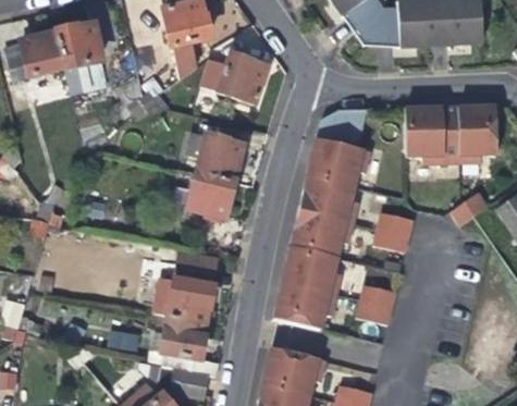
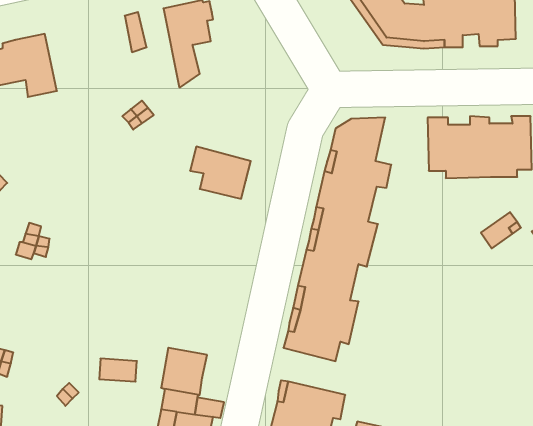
building: [59,25,108,98] -> none
building: [204,56,268,102] -> none
building: [190,172,235,216] -> none
building: [372,211,410,248] -> none
building: [170,253,216,321] -> none
building: [356,283,393,320] -> none

